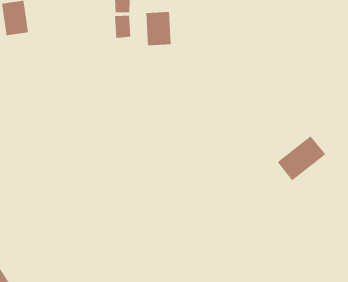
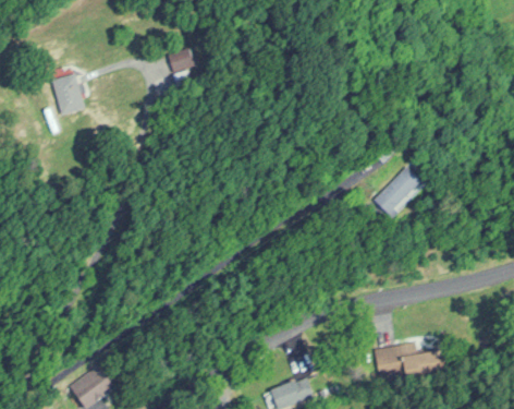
building: [146,11,171,46] -> none

